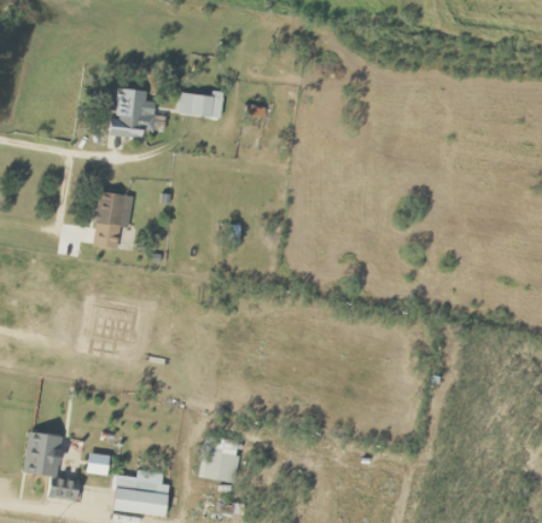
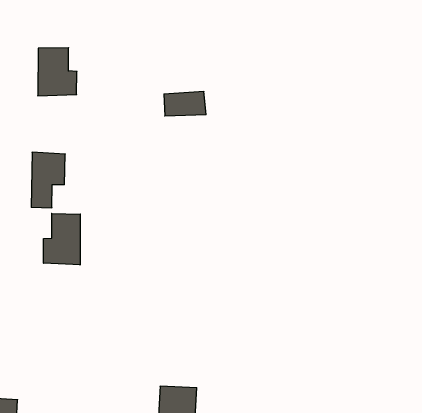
building: [180,93,221,117] -> [164,92,206,116]
building: none -> [44,213,80,265]

